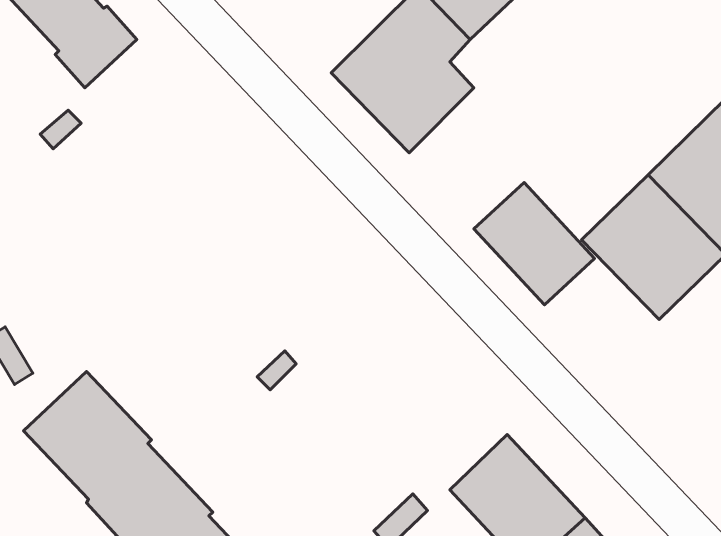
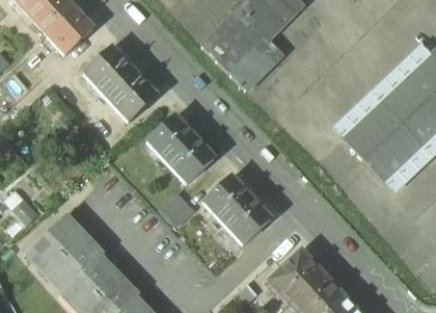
building: none -> [84,46,157,121]
building: [474,182,594,305] -> [203,175,271,243]
building: none -> [147,114,215,182]

